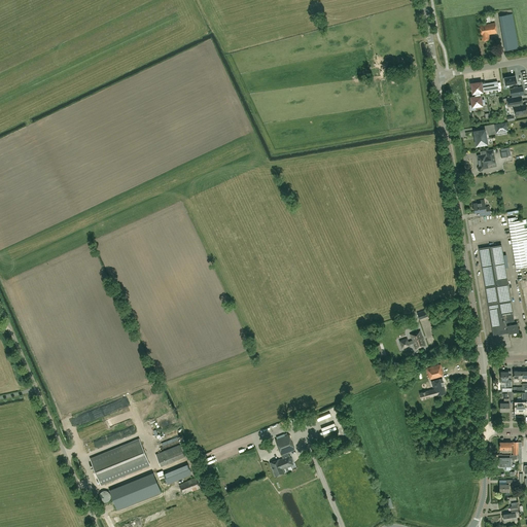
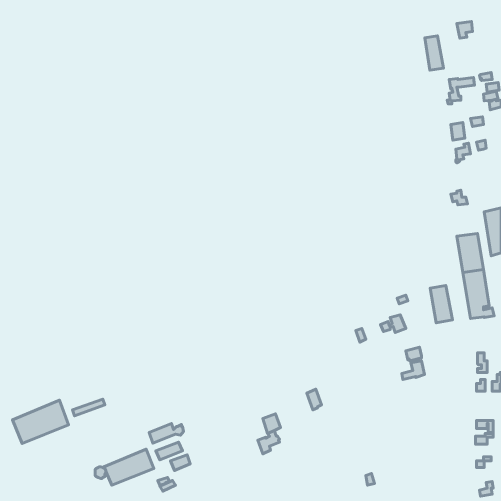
building: [499,14,519,50] -> [425,36,444,70]
building: none -> [430,285,453,323]
building: [91,438,149,484] -> [12,400,68,443]

